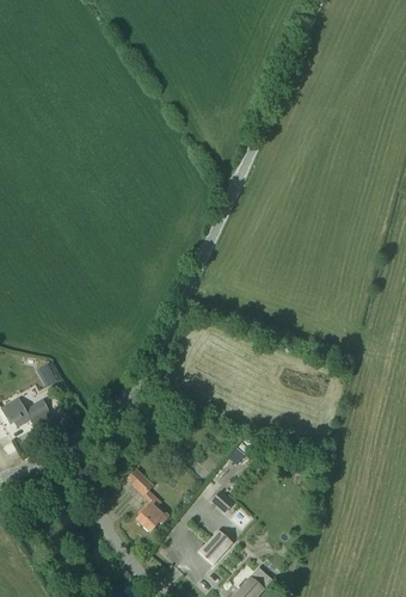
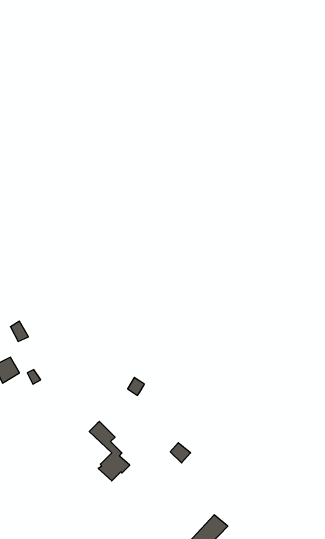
building: [201,530,233,564] -> none

